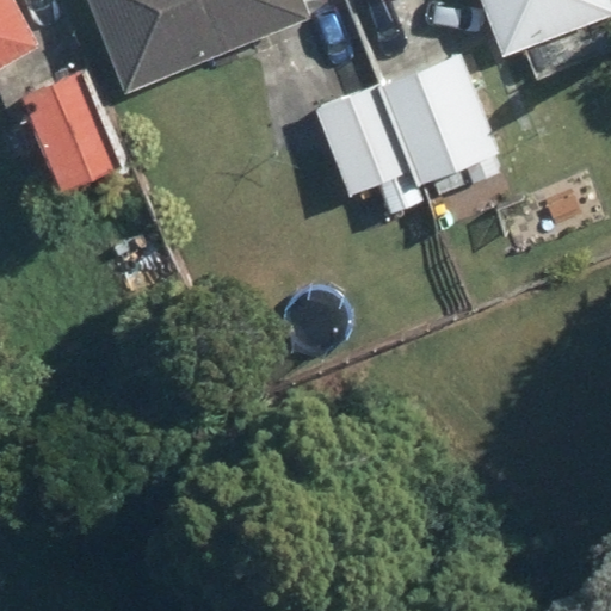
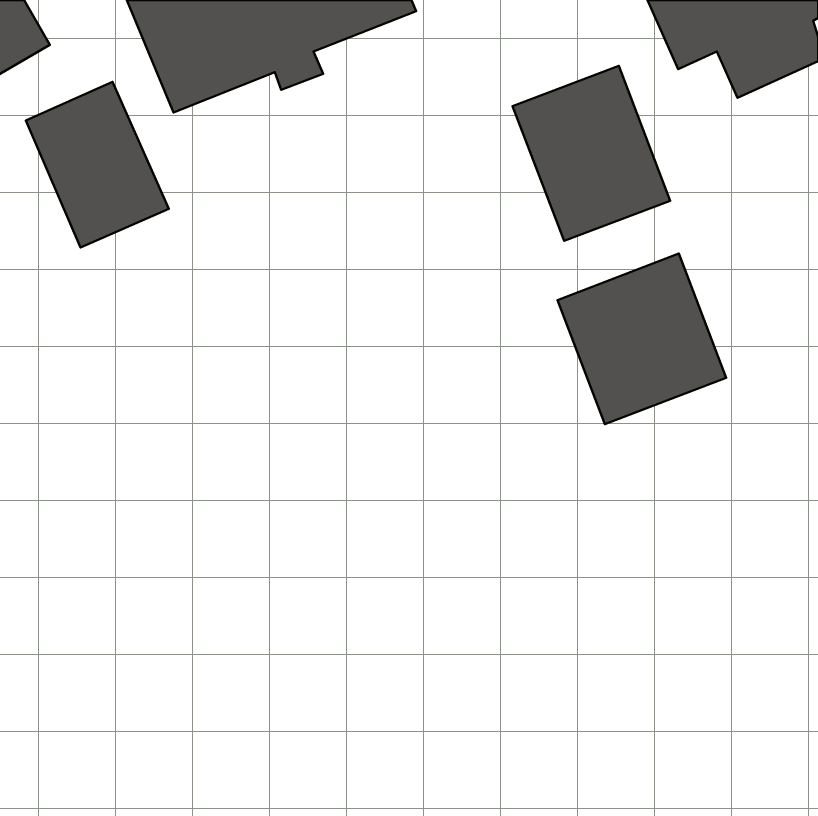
building: [311,82,424,214] -> none
building: none -> [557,254,726,424]

